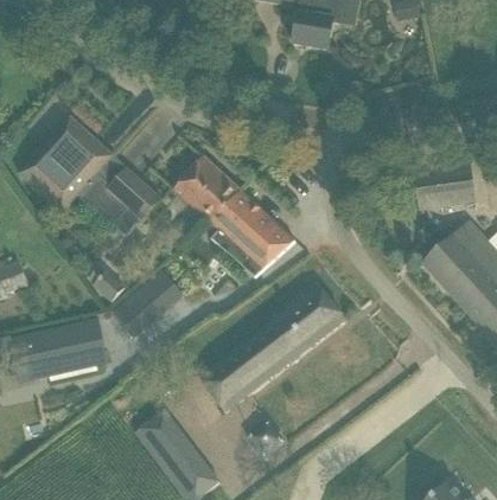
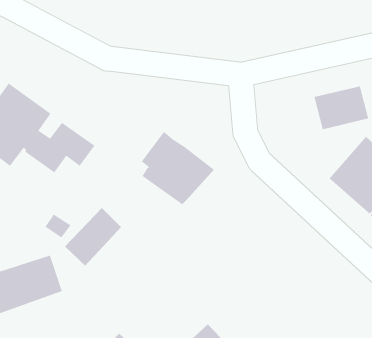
building: [173,155,241,222] -> none
building: [200,284,345,414] -> none

